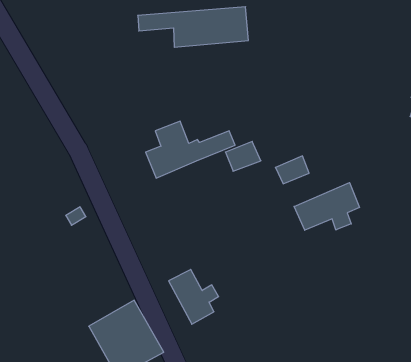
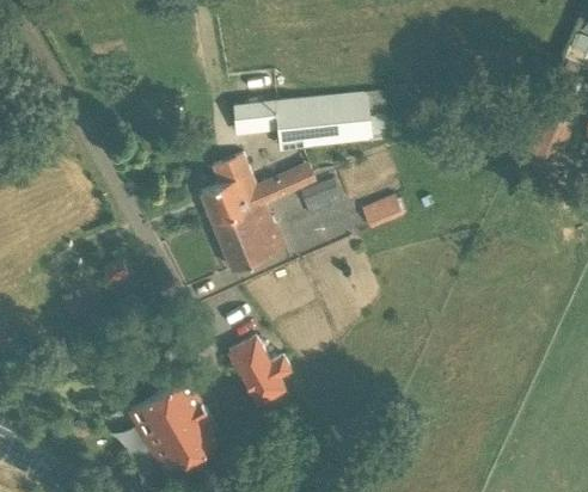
building: [138,7,248,47] -> [233,97,370,147]
building: none -> [213,201,286,267]
building: [294,183,359,230] -> none

